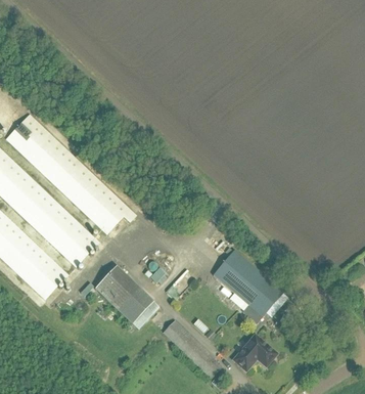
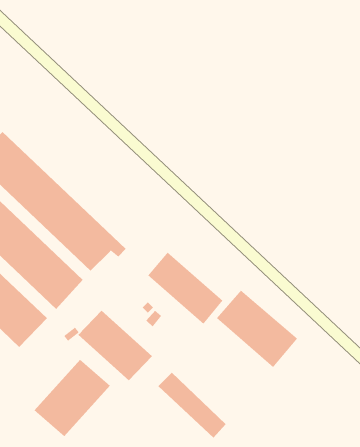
building: none -> [147,251,224,325]
building: none -> [33,359,111,437]
building: [233,335,276,370] -> none

